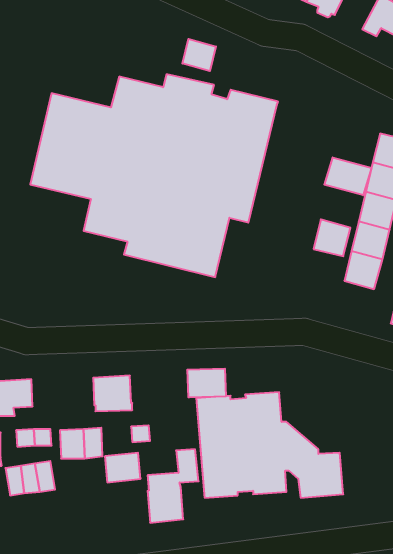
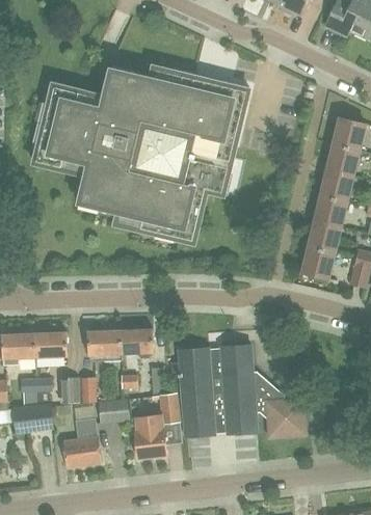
building: [182,39,216,71] -> none
building: [324,157,372,195] -> none
building: [314,219,350,256] -> [301,246,334,278]
building: [187,369,226,397] -> [120,328,154,353]
building: none -> [33,331,68,356]
building: none -> [62,404,101,467]

